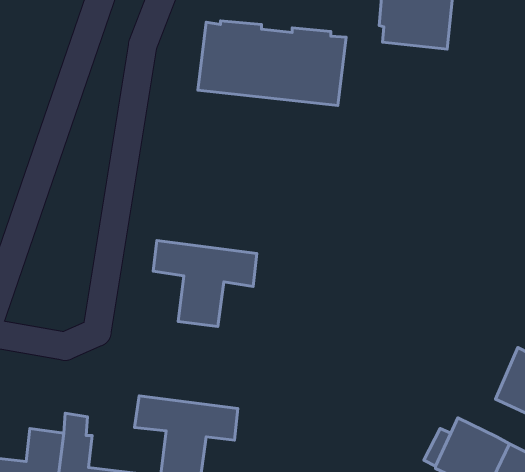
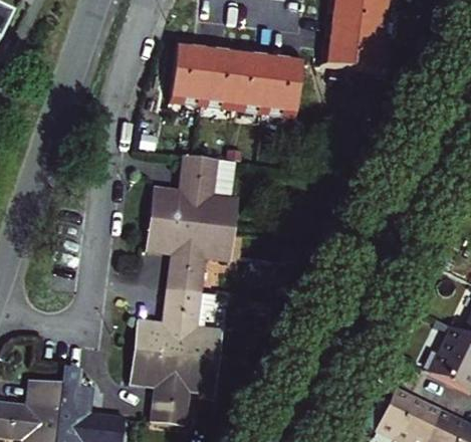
building: none -> [142,163,244,238]
building: none -> [127,296,214,371]

